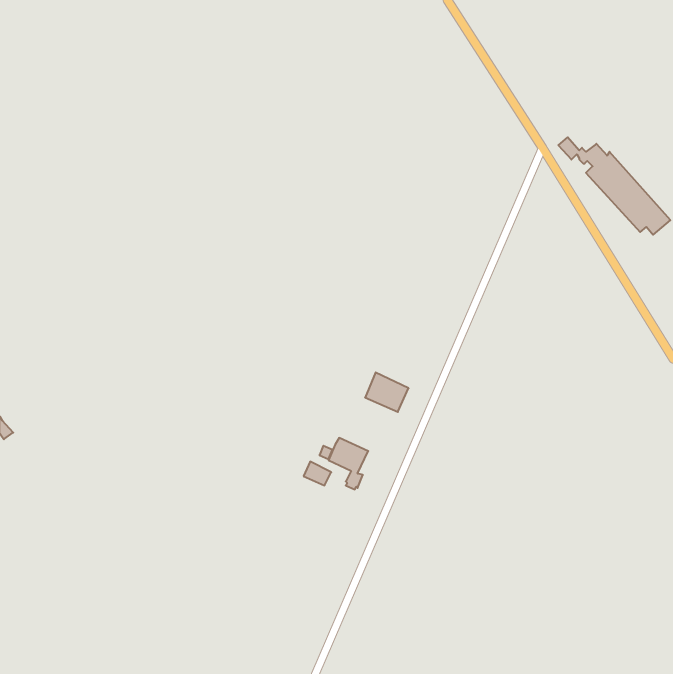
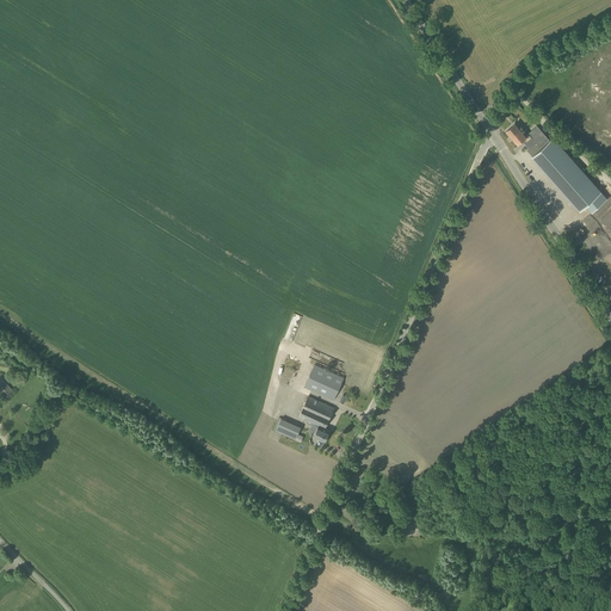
building: [365,372,409,412] -> [303,364,342,400]

